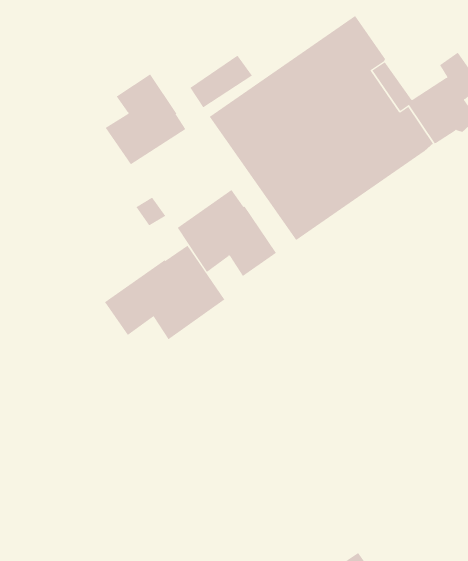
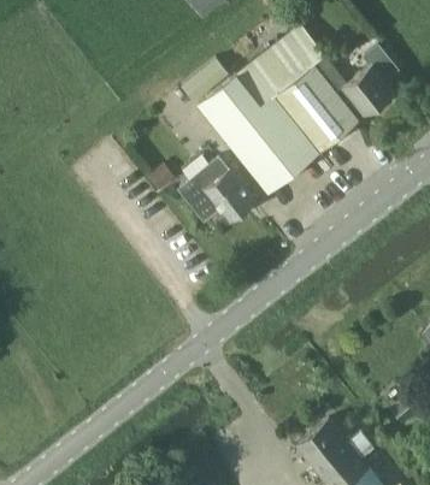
building: [105,74,186,165] -> none
building: [104,245,225,340] -> none

